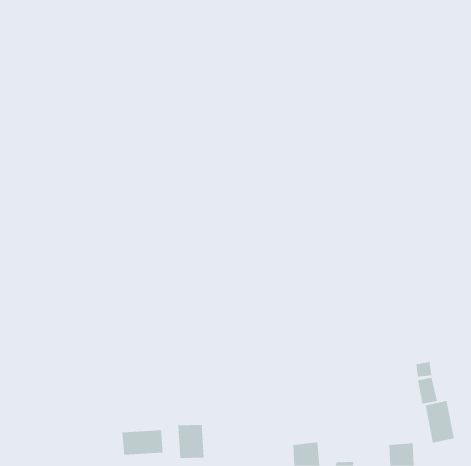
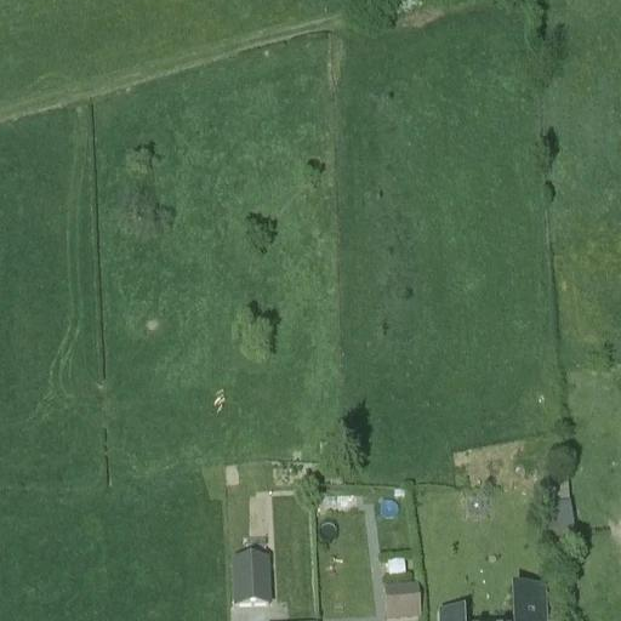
building: [425,400,454,444] -> none
building: [122,430,163,455] -> none

